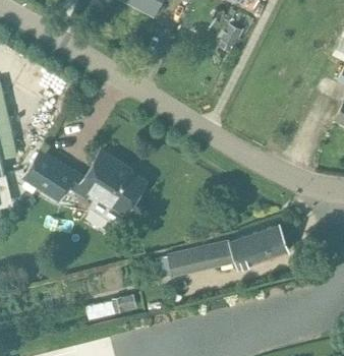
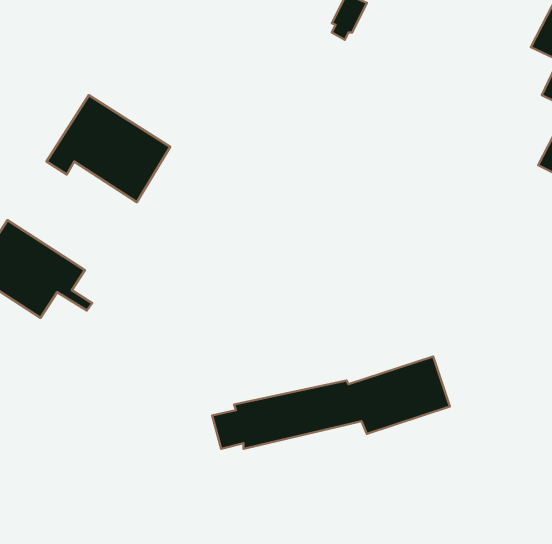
building: [76,153,145,212] -> [47,95,170,202]

